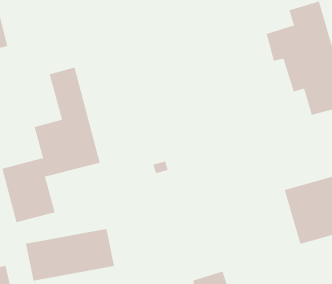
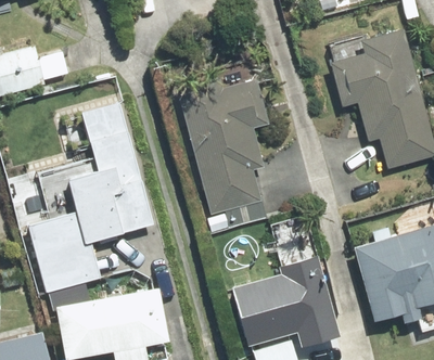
building: none -> [181,80,264,227]
building: none -> [237,260,337,342]

